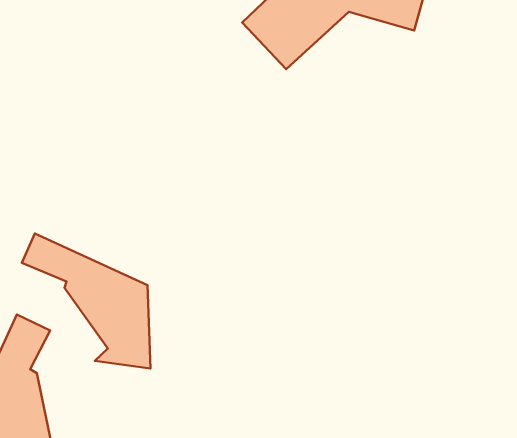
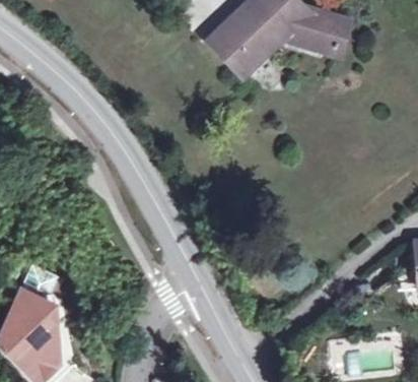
building: [22,233,150,369] -> none

